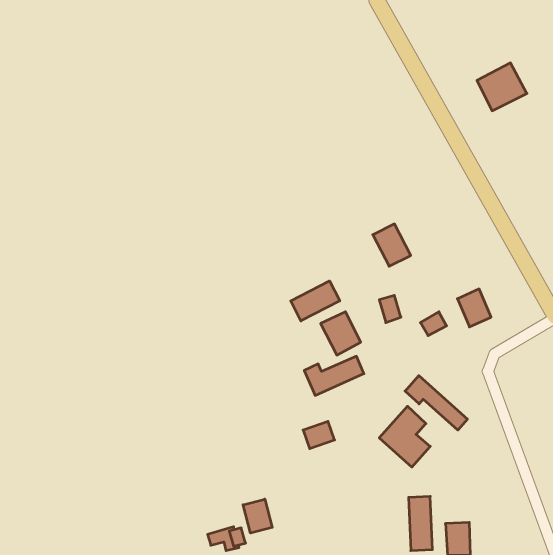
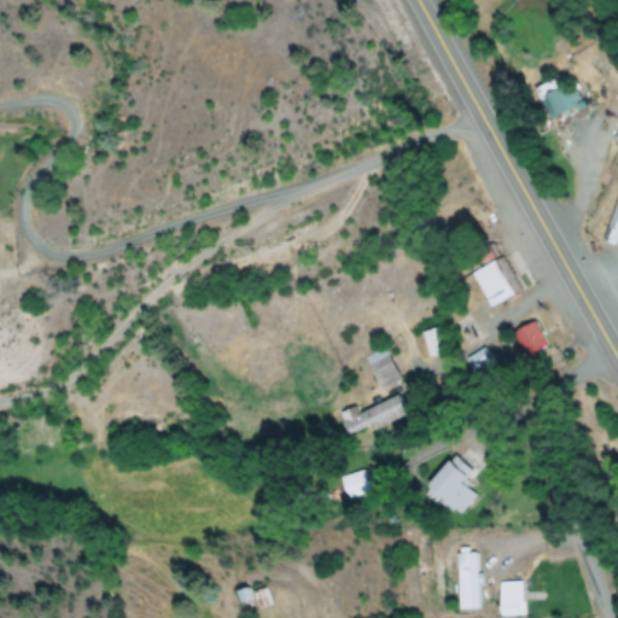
building: [373,224,411,266] -> [476,257,518,304]
building: [291,281,340,321] -> none
building: [405,376,467,430] -> none
building: [243,499,272,533] -> none

